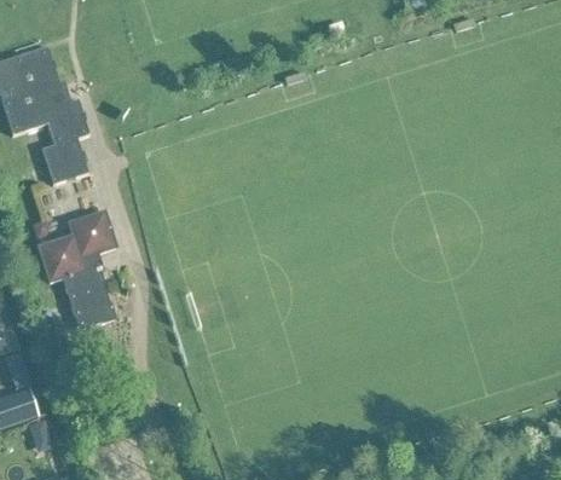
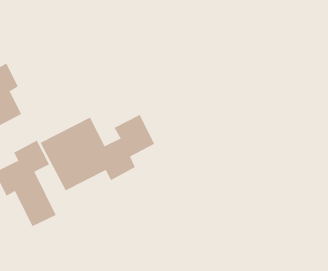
building: none -> [40,114,155,191]

